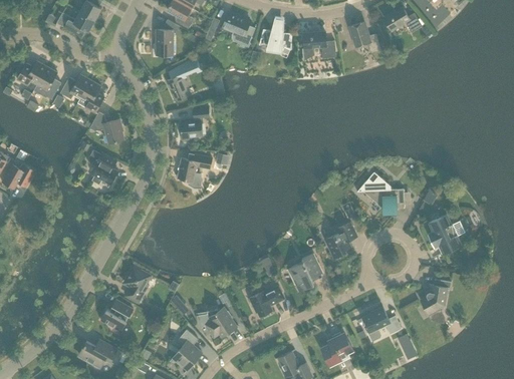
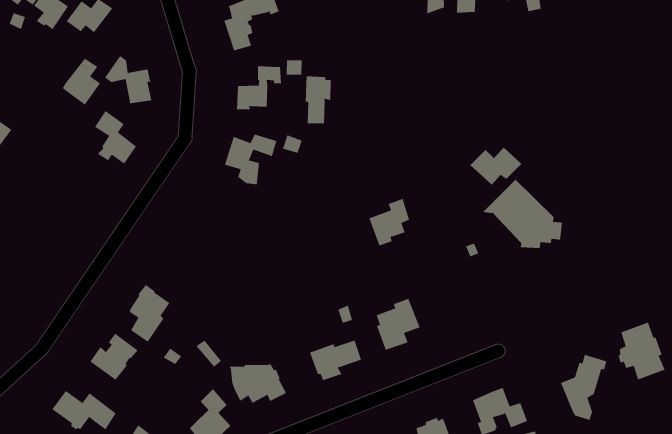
building: [77,80,103,112] -> [62,58,101,105]
building: none -> [305,76,331,124]
building: none -> [470,147,522,186]
building: [428,214,461,254] -> [618,322,665,380]
building: [324,224,352,258] -> [368,198,410,246]

